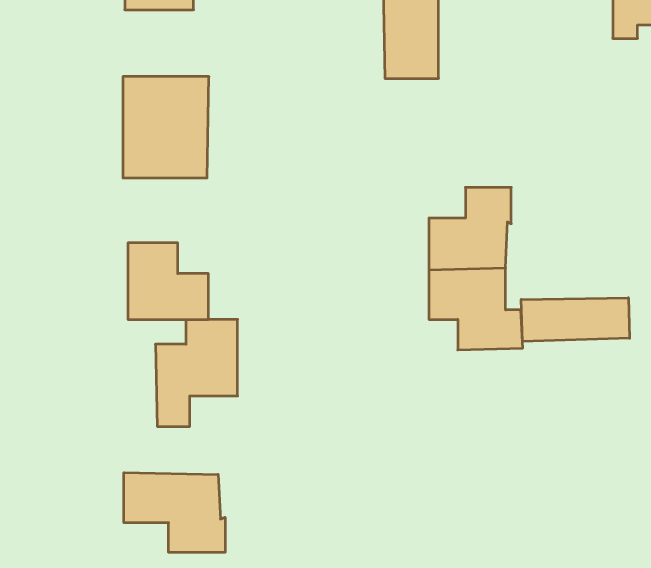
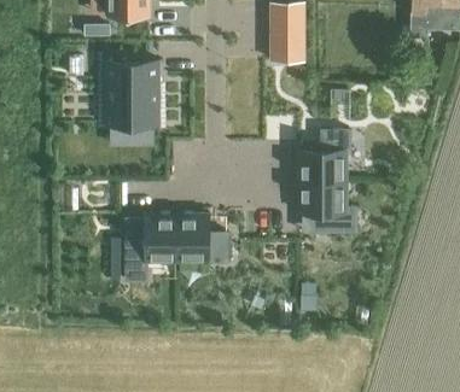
building: [128,243,208,319] -> [176,215,227,263]
building: [521,298,630,341] -> none
building: [124,473,225,552] -> none

